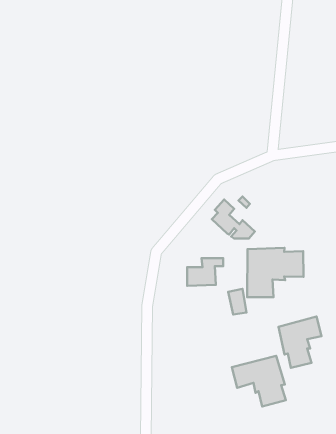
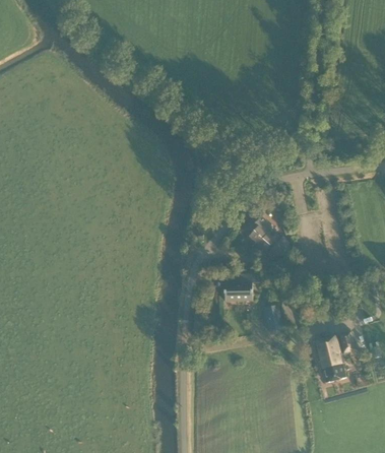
building: [247,248,304,297] -> none
building: [232,356,286,407] -> none

